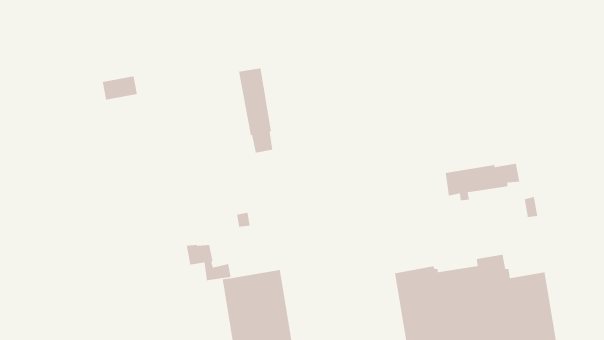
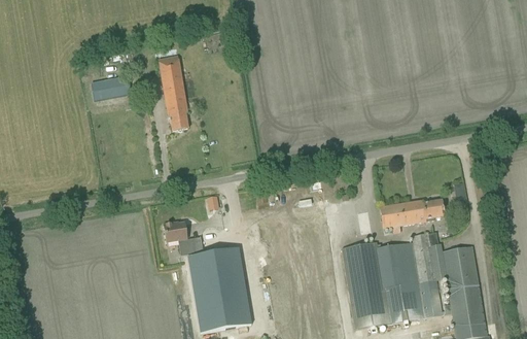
building: [238,68,273,154] -> [157,56,187,130]
building: [445,163,520,201] -> [379,199,444,232]

